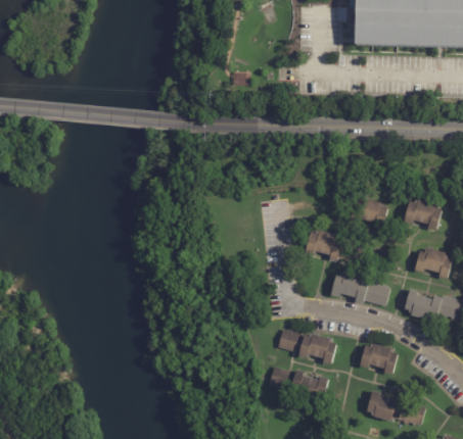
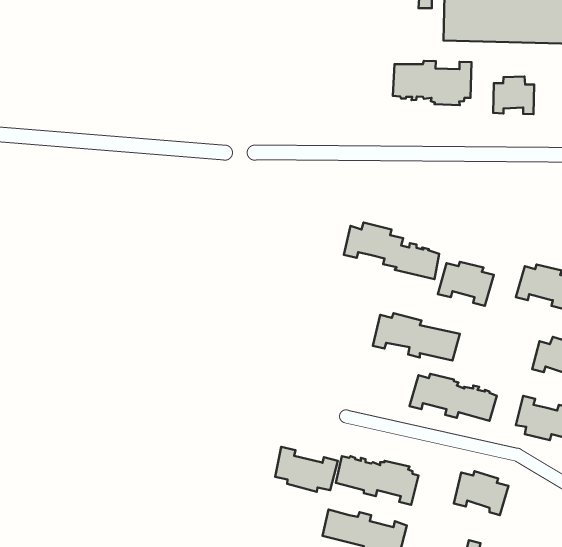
building: none -> [393,61,472,105]
building: none -> [493,76,534,114]
building: none -> [344,222,439,279]
building: none -> [275,447,338,492]

